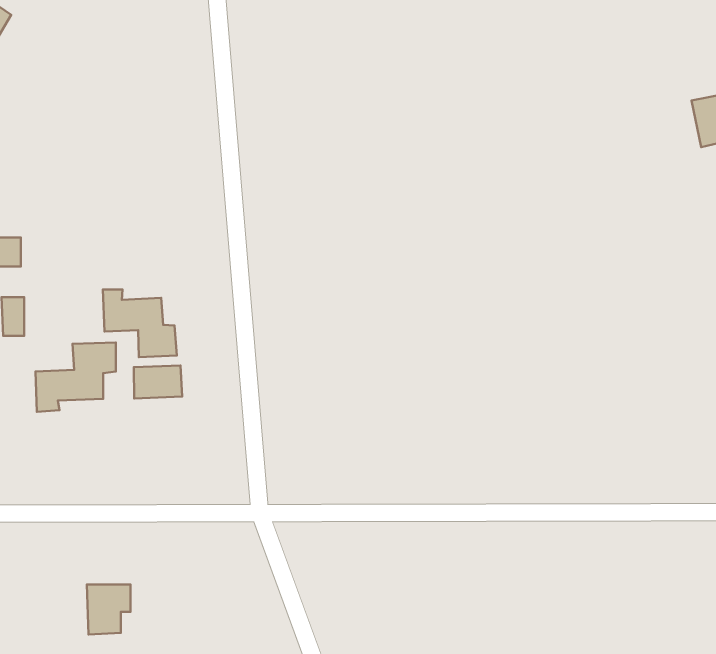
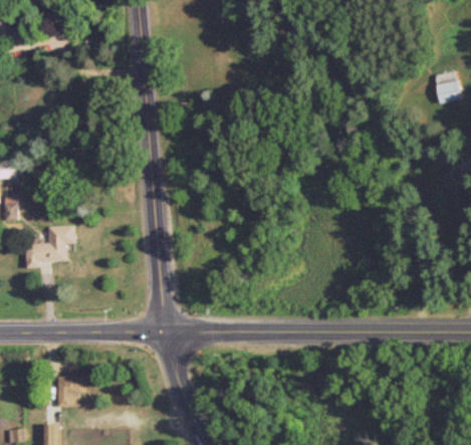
building: [103,290,177,357] -> none
building: [134,365,182,398] -> none

